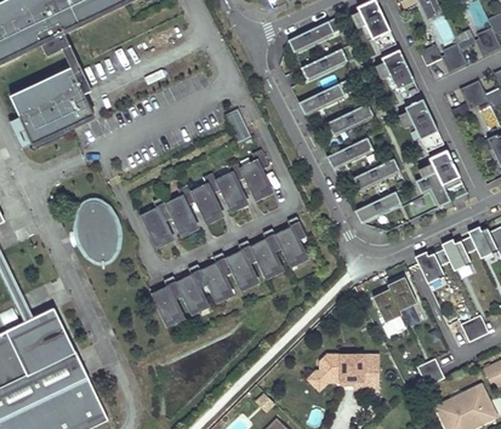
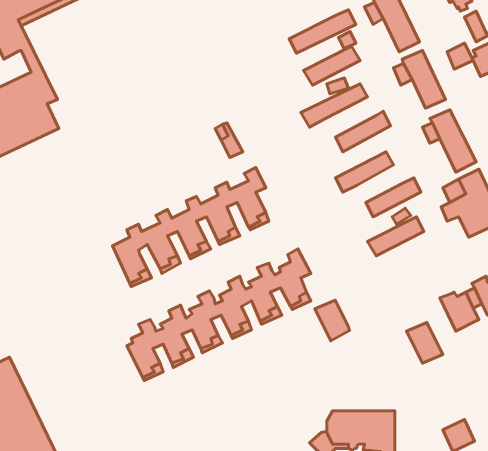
building: [75,201,118,262] -> none
building: [371,291,400,325] -> [315,300,350,341]

